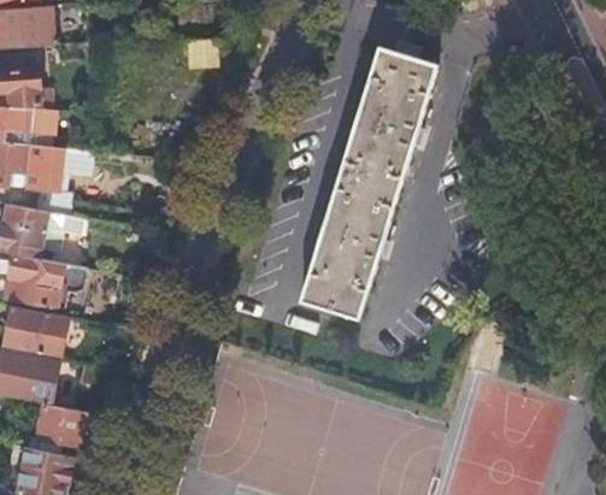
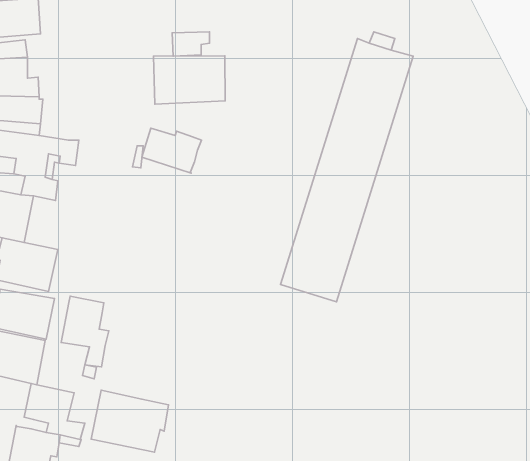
building: none -> [153,56,225,104]
building: none -> [142,128,202,173]
building: none -> [61,296,109,367]
building: none -> [91,390,168,452]

